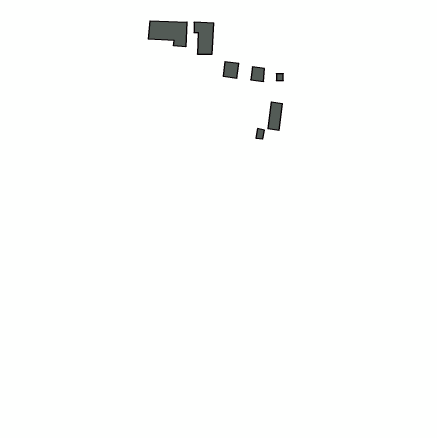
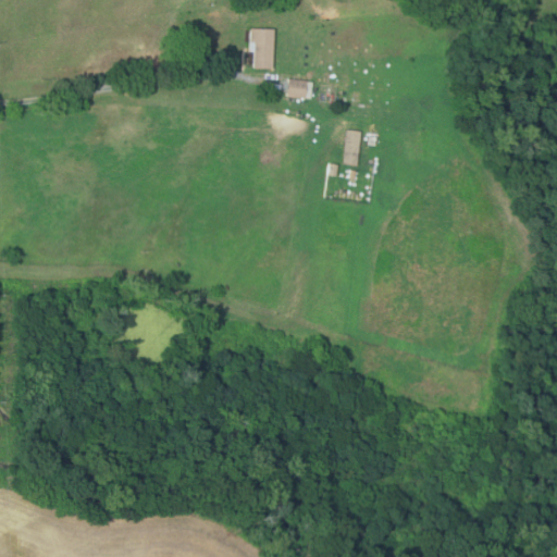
building: [148,21,187,47] -> none

